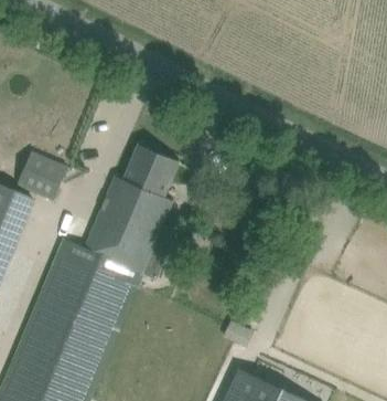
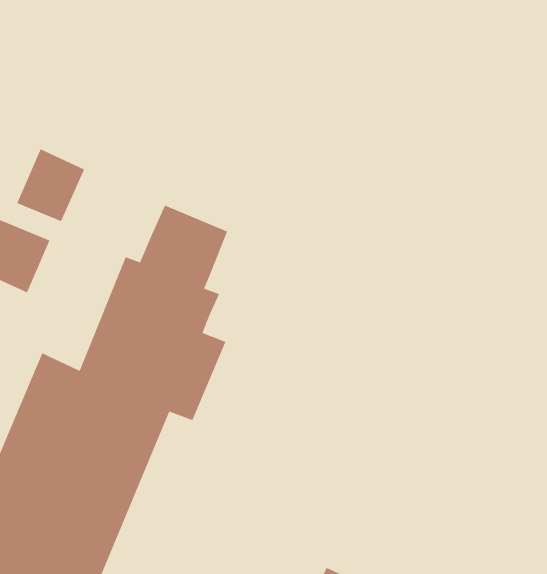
building: none -> [16,148,85,222]

